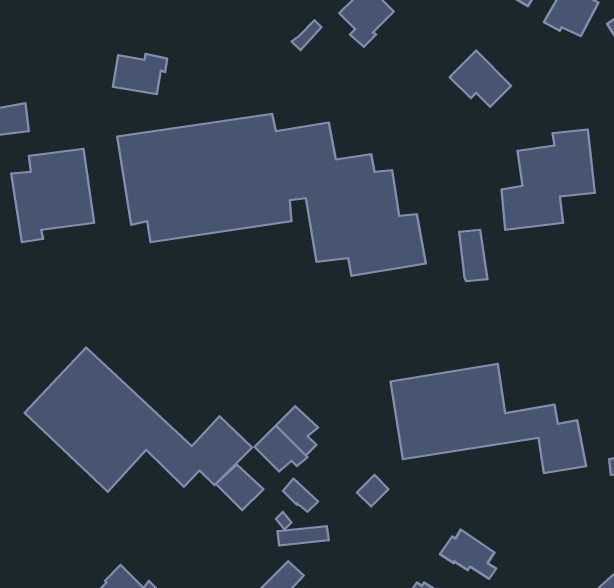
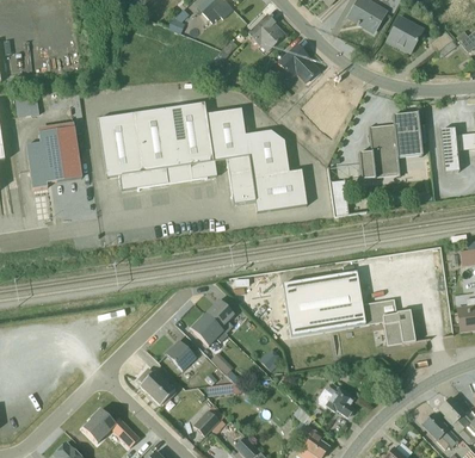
building: [450,51,511,107] -> [278,44,320,82]
building: [113,54,167,94] -> none
building: [25,348,252,492] -> none
building: none -> [138,369,175,404]

